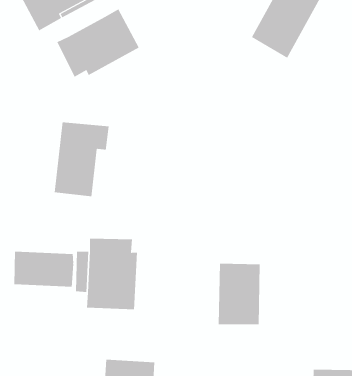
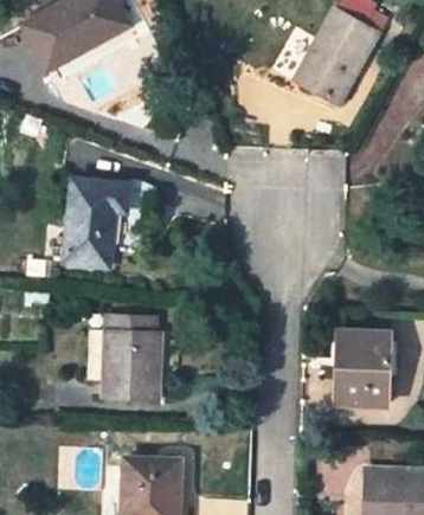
building: [56,9,140,78] -> none
building: [14,251,74,288] -> none
building: [218,263,260,325] -> [338,330,387,403]

